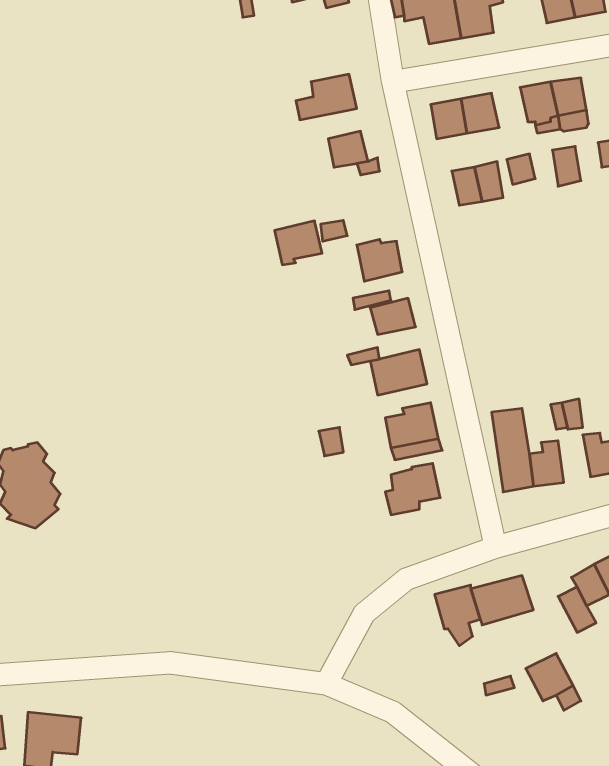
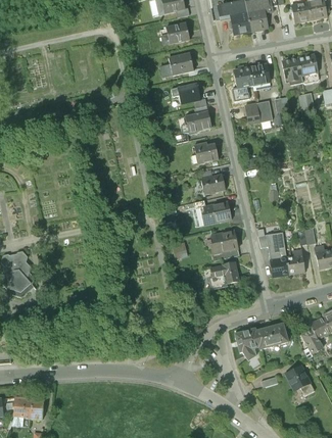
building: none -> [162,21,189,43]
building: [275,221,322,265] -> [185,109,210,133]

